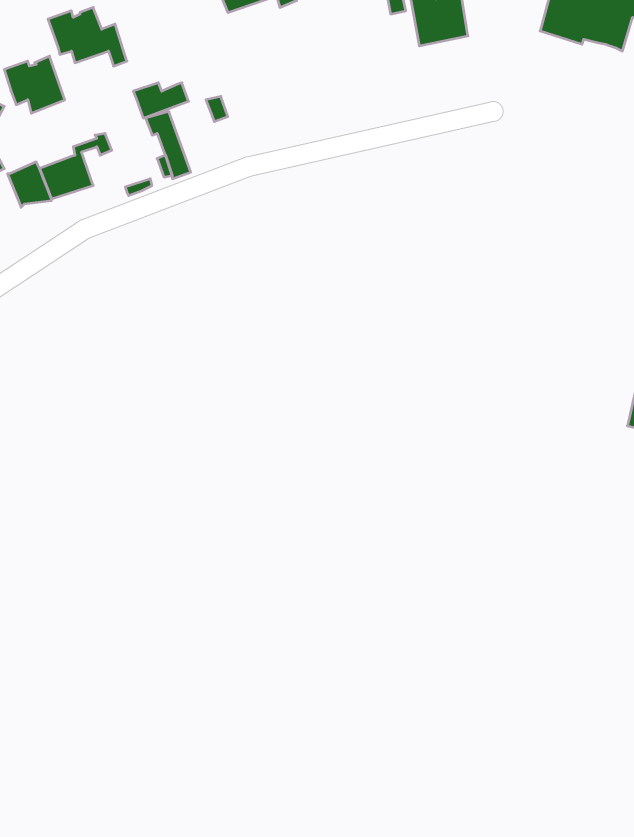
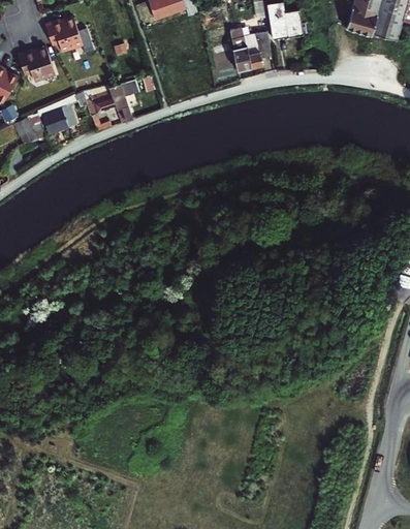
building: none -> [232,30,272,69]
building: [133,83,189,118] -> [82,92,116,114]

